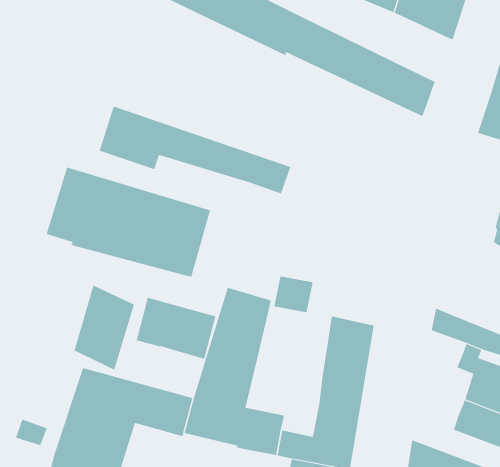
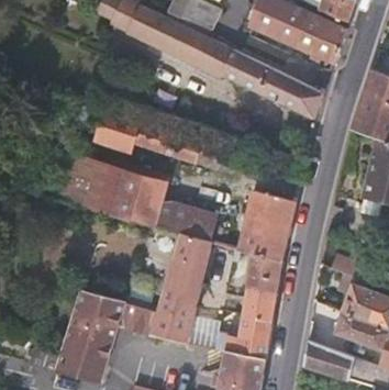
building: none -> [237,189,297,260]
building: [74,285,134,370] -> none
building: [136,297,216,360] -> [163,200,218,243]

